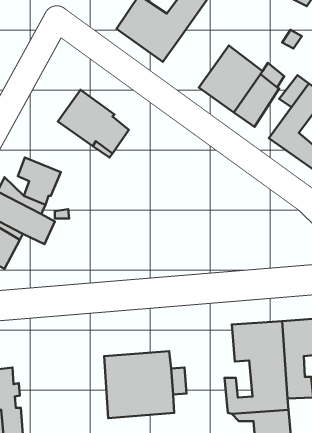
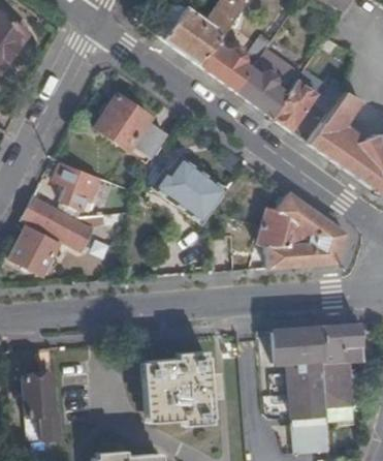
building: none -> [201,41,255,92]
building: none -> [141,155,227,222]
building: none -> [260,191,346,269]

